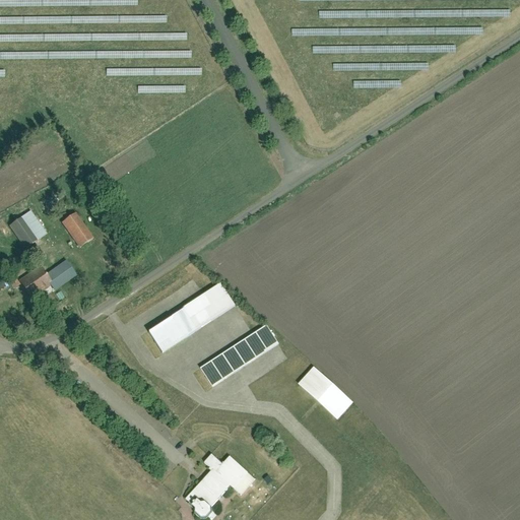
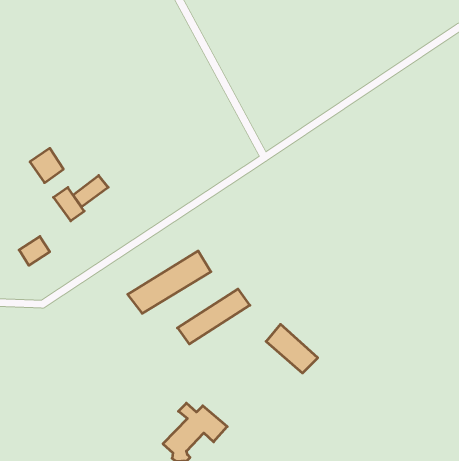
building: none -> [73,175,108,207]
building: [8,208,46,247] -> [30,148,63,183]
building: [48,258,76,286] -> none

